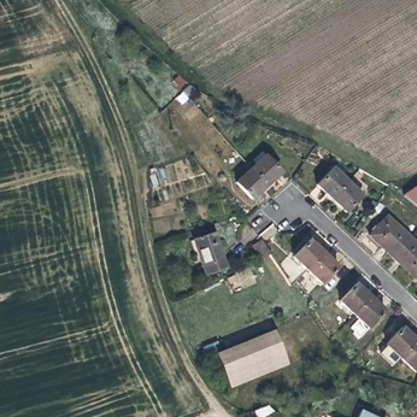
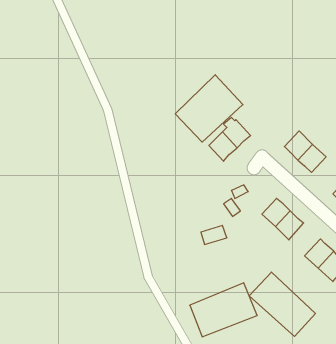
building: none -> [175,75,243,142]
building: [195,233,228,274] -> none
building: none -> [249,272,315,336]

